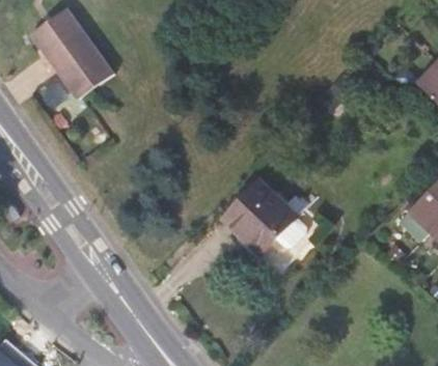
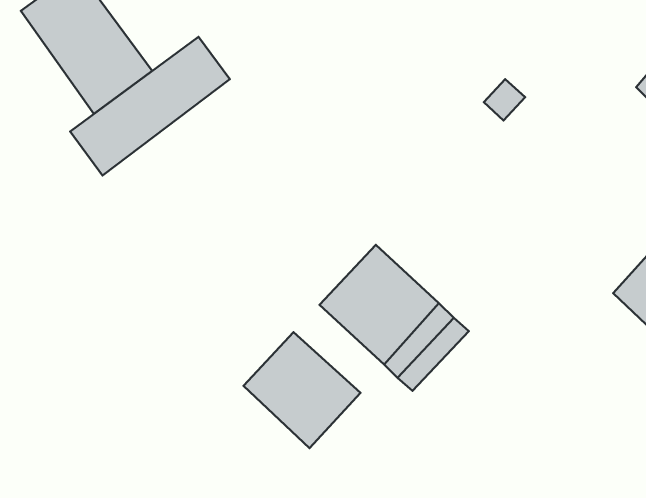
building: none -> [70,37,230,176]
building: none -> [244,332,360,448]

